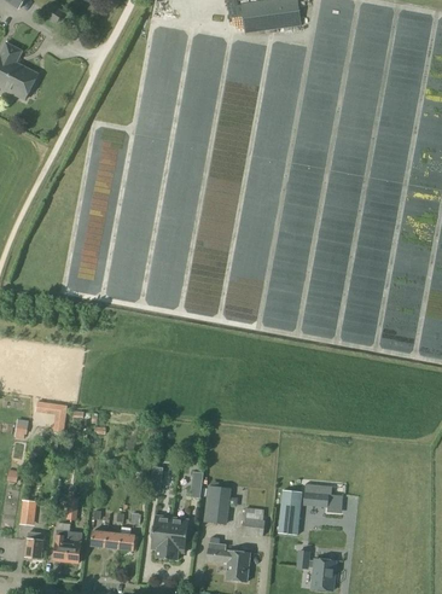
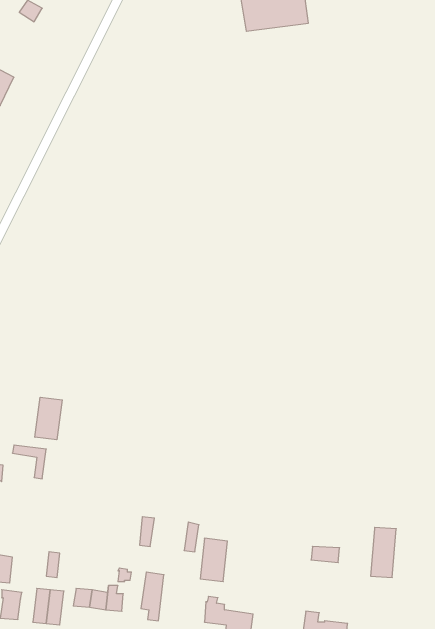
building: none -> [35,397,62,440]
building: [278,490,301,535] -> [371,527,396,577]
building: [242,508,264,536] -> none
building: [167,518,188,560] -> none

